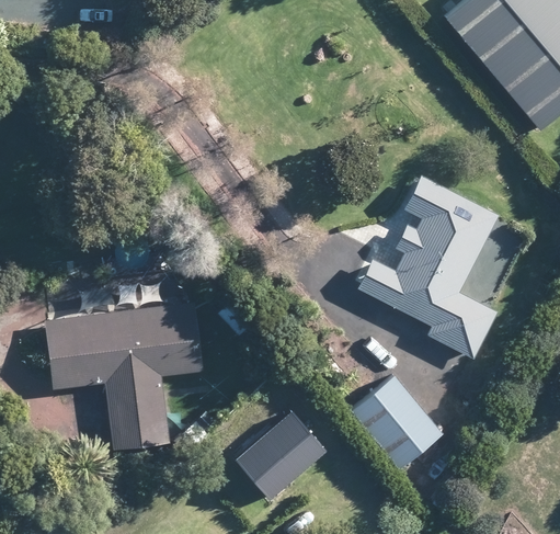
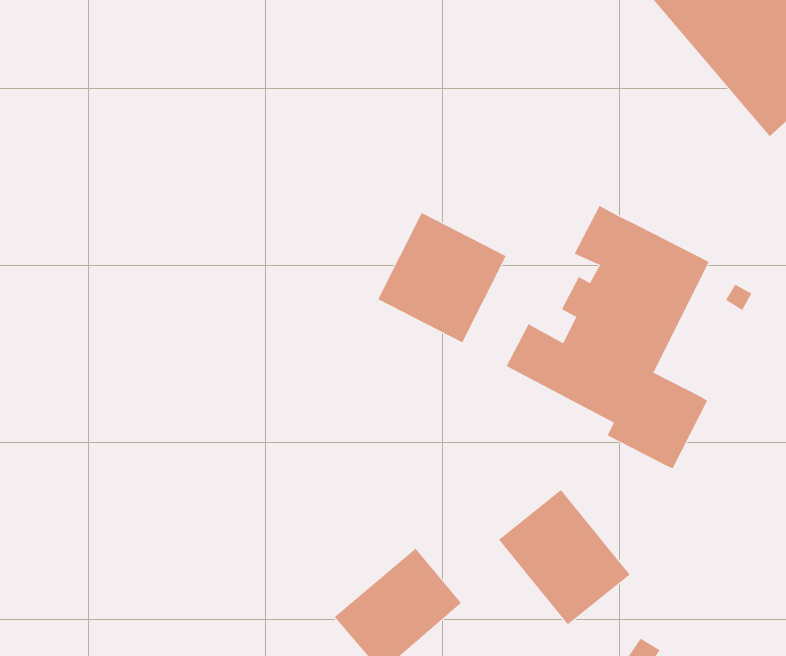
building: none -> [377,212,507,343]
building: [45,304,199,451] -> none

